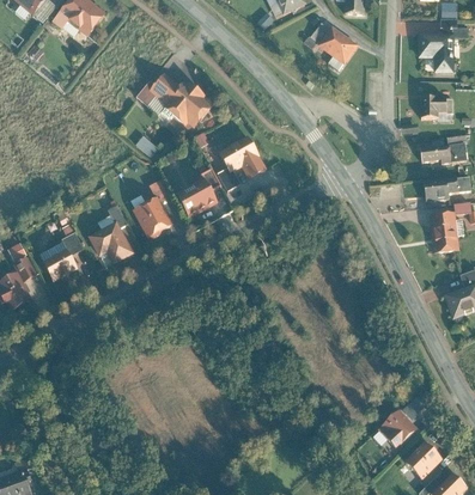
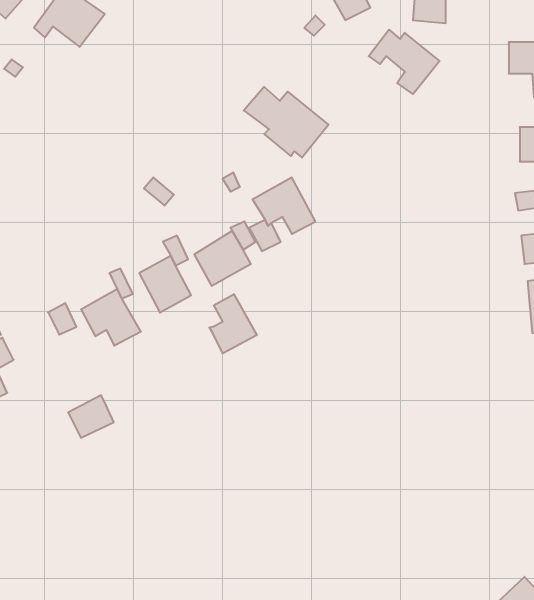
building: [148,74,213,128] -> [244,87,329,158]
building: none -> [209,294,257,353]
building: [42,248,77,280] -> [68,395,114,438]
building: [376,408,418,450] -> none

